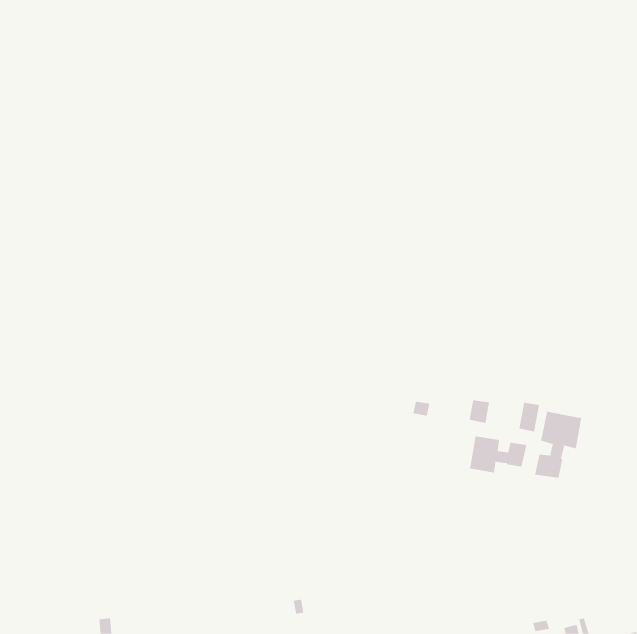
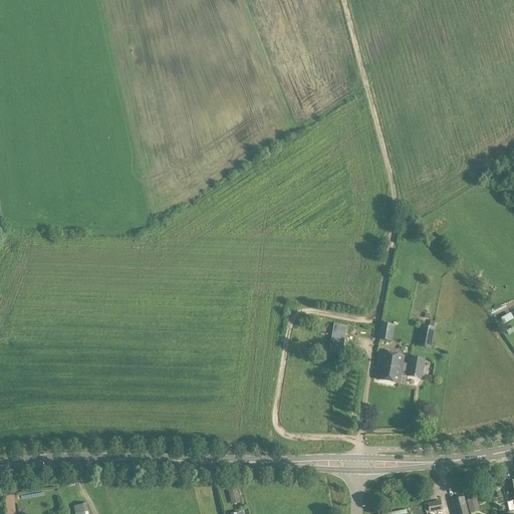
building: [534,411,582,478] -> none

